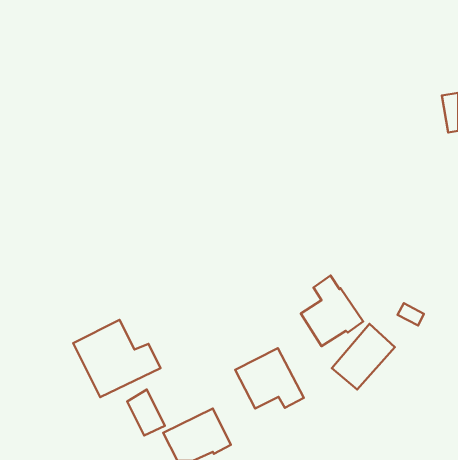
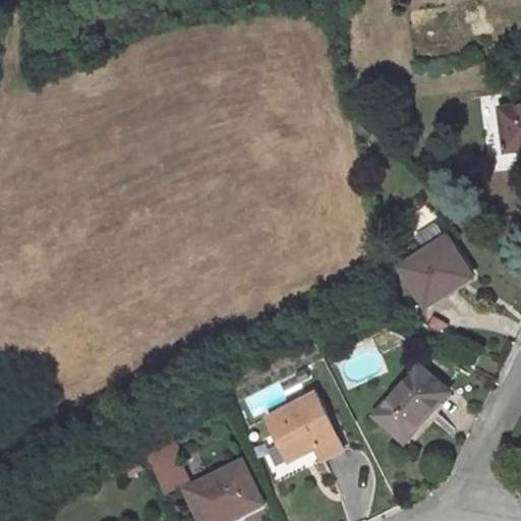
building: [301,276,363,346] -> [400,224,470,303]
building: [73,320,160,397] -> none

